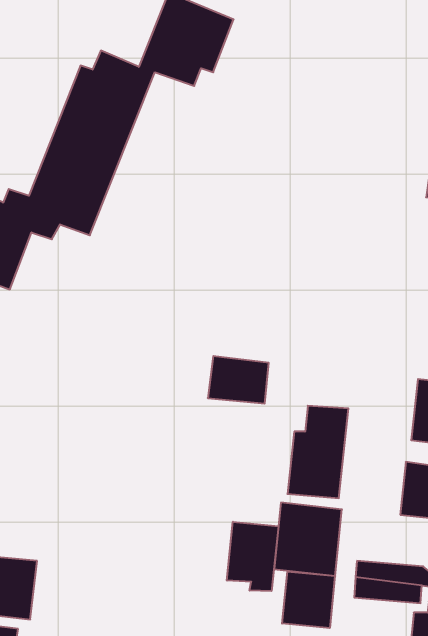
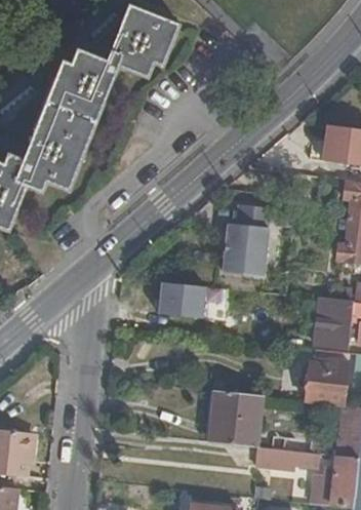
building: [287,406,348,498] -> [225,204,271,274]
building: [227,522,279,591] -> none
building: [282,571,335,628] -> none

